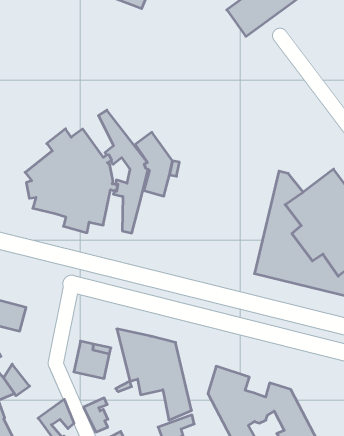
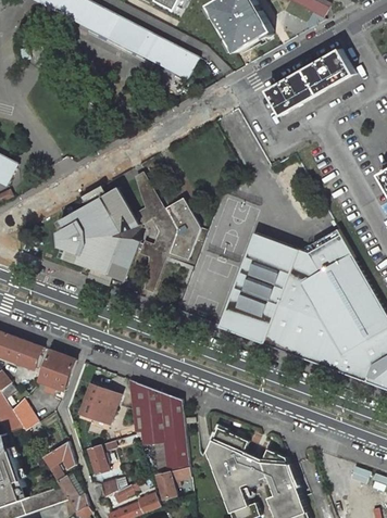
building: none -> [307,233,350,271]
building: none -> [219,232,298,343]
building: none -> [40,353,74,392]

